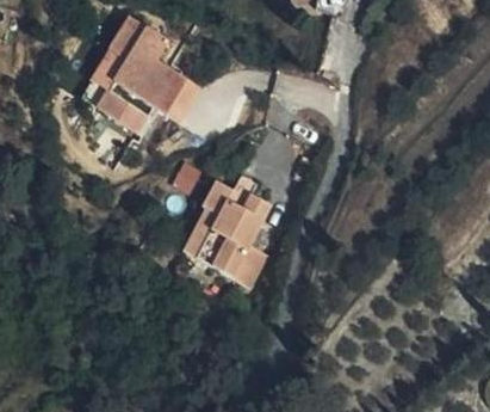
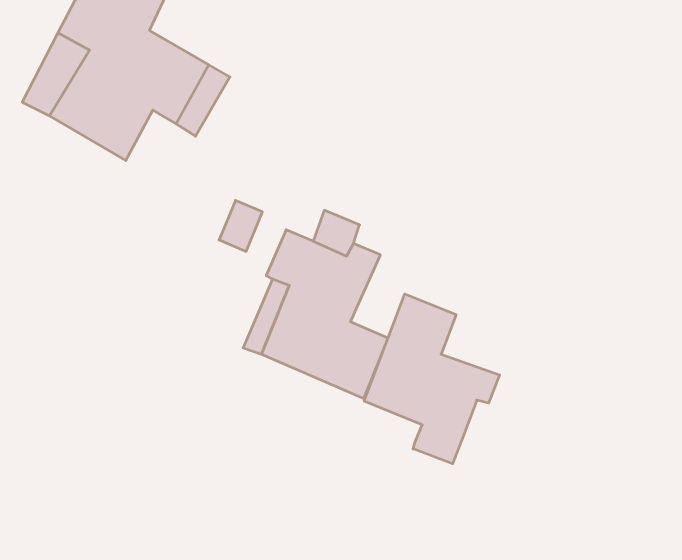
building: none -> [364,294,500,464]

